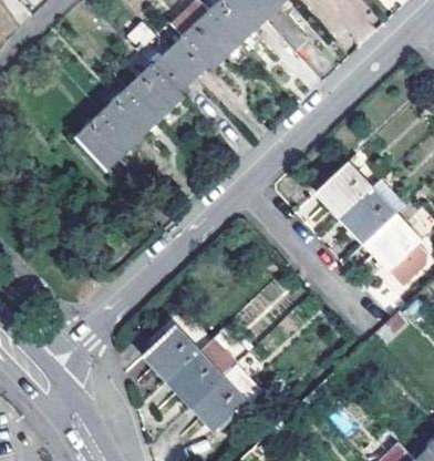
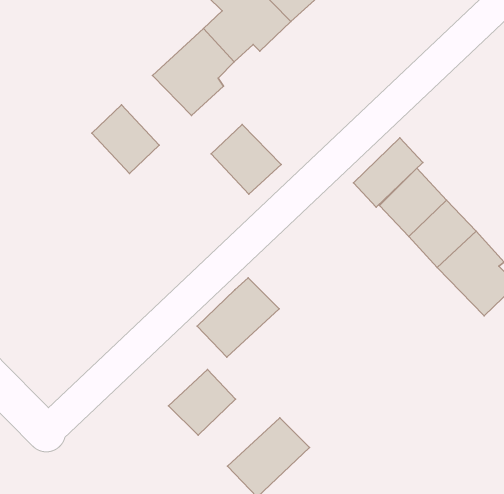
building: [103,83,161,141] -> [211,124,281,194]
building: none -> [353,138,423,207]
building: [166,340,234,406] -> [197,278,279,357]

